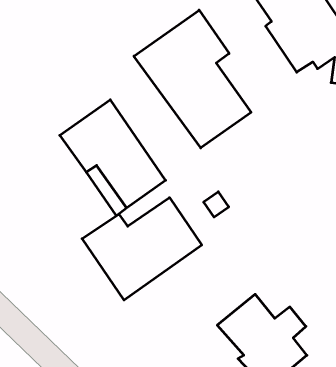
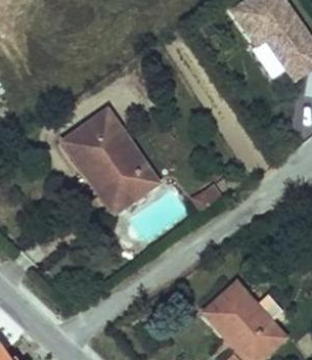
building: [134,10,251,148] -> none
building: [82,198,202,300] -> none

